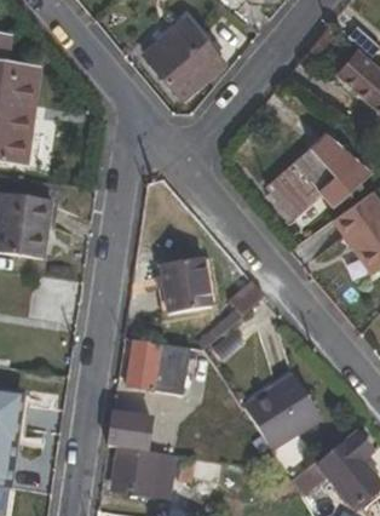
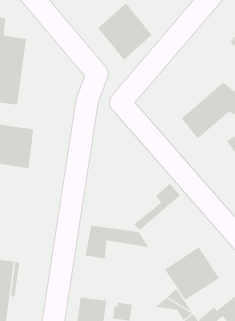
building: [160,258,212,314] -> none
building: [109,409,154,449] -> none

